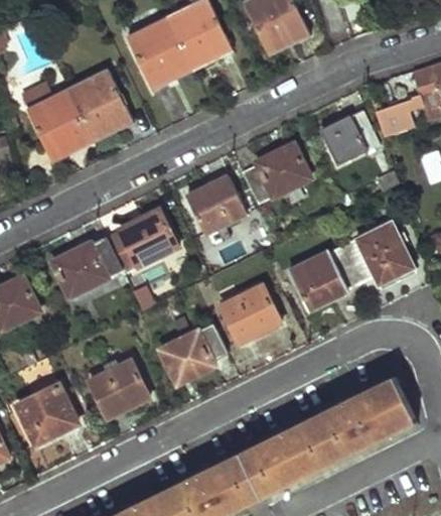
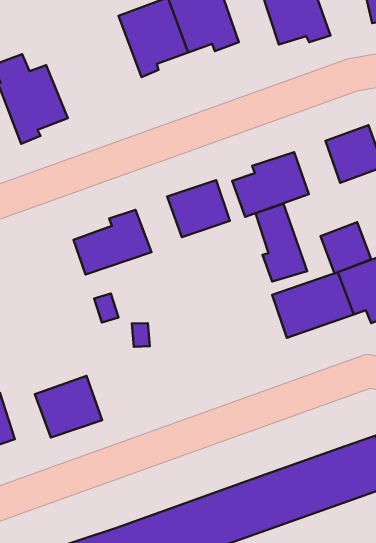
building: [67,72,135,136] -> none
building: none -> [255,204,307,282]
building: none -> [321,222,371,273]
building: [54,237,123,296] -> none
building: [219,282,281,343] -> none
building: [161,325,230,383] -> none

